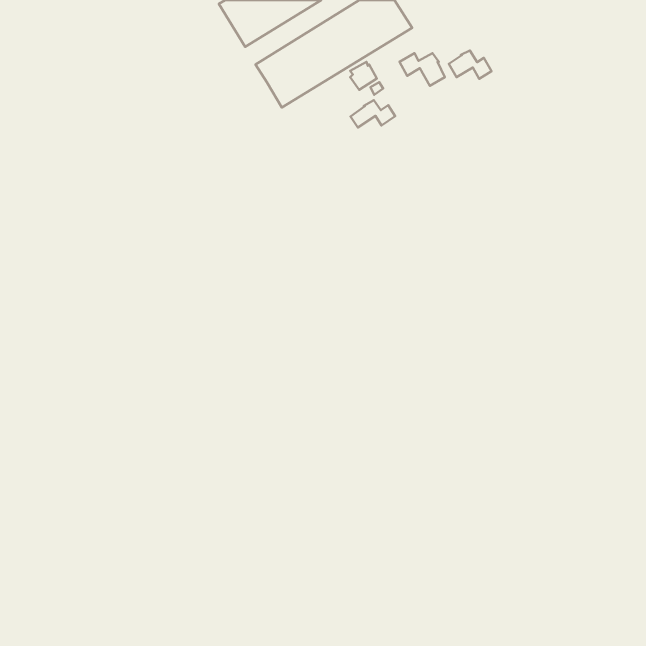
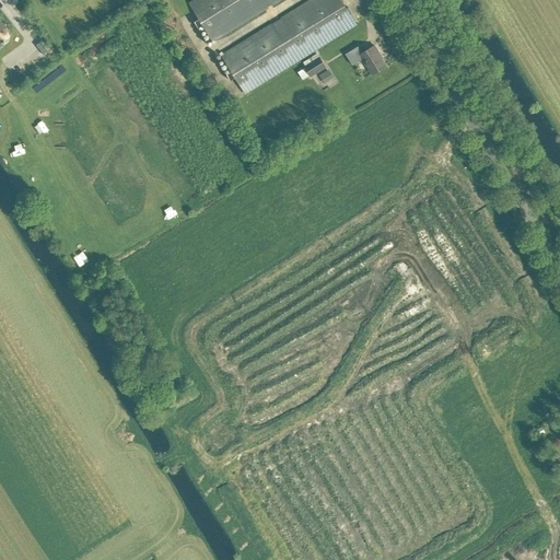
building: [449,50,492,79] -> none
building: [351,100,395,128] -> none

